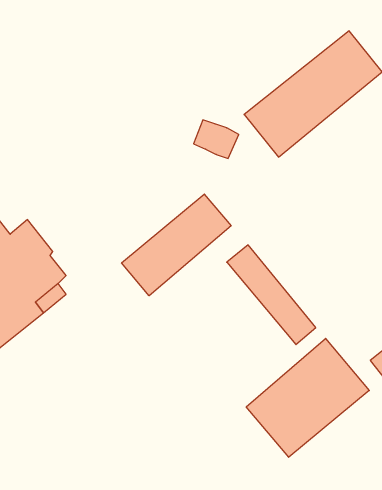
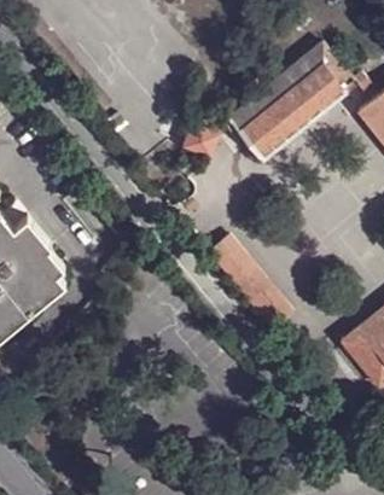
building: [122,194,231,296] -> none
building: [246,338,369,457] -> none

